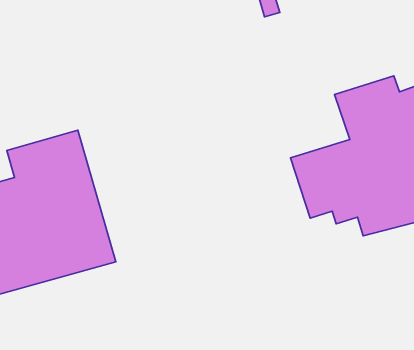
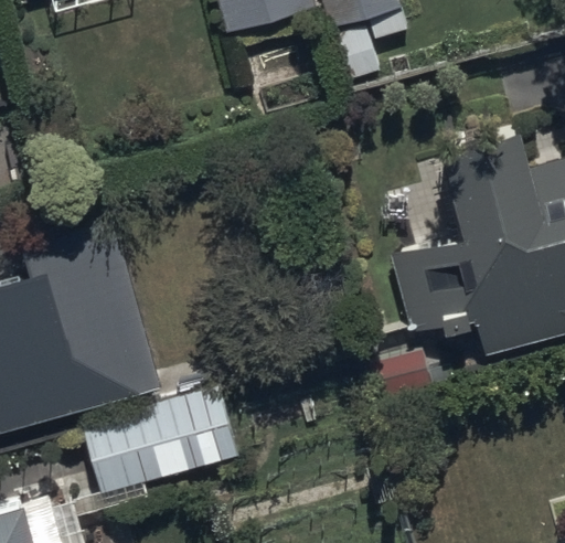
building: none -> [82,383,241,493]

